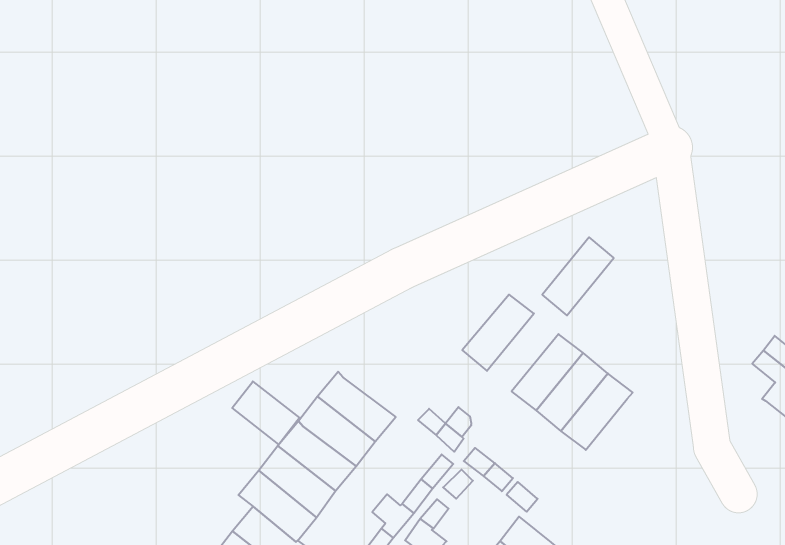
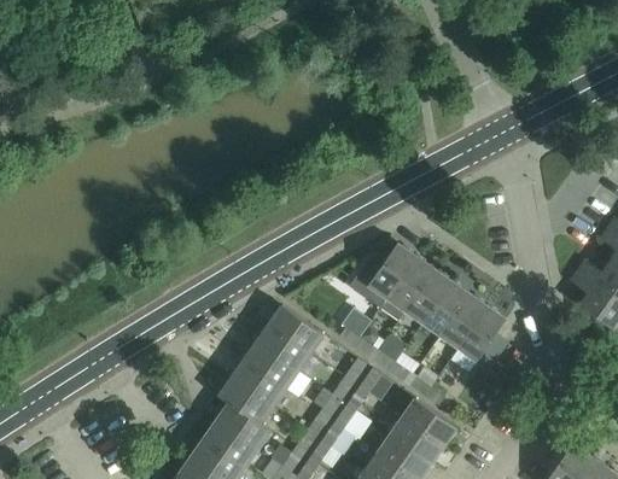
building: [542,237,614,315] -> [386,255,435,310]
building: [232,381,299,444] -> none
building: none -> [459,305,507,361]

